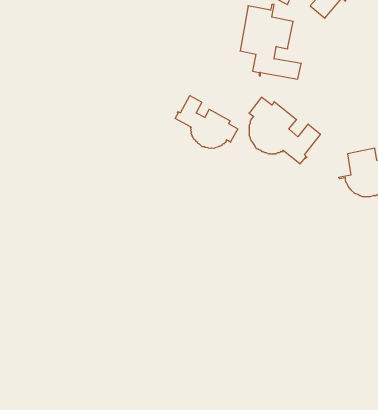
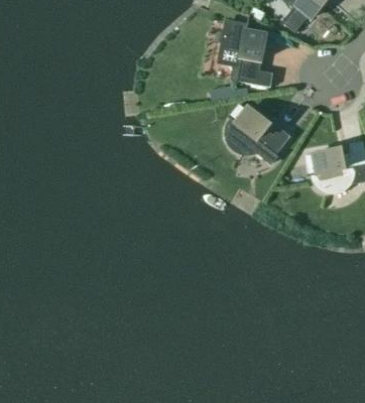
building: [175,96,238,148] -> none

